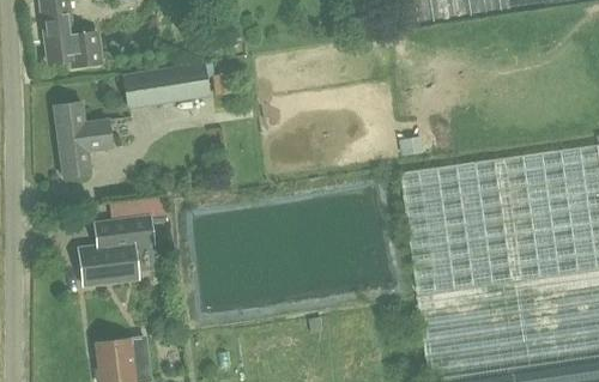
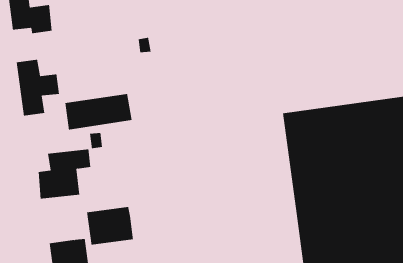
building: [122,61,211,109] -> [65,94,132,130]
building: none -> [86,206,133,246]

